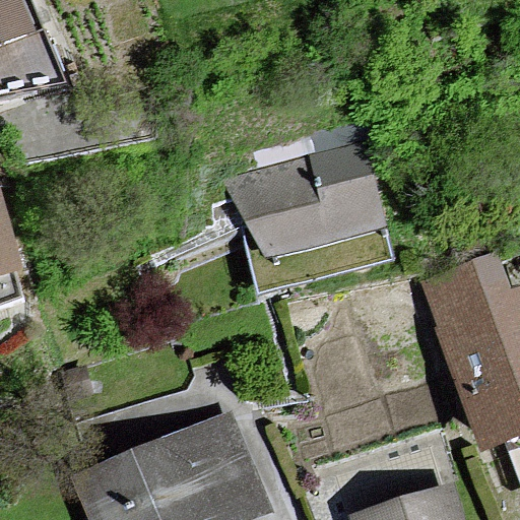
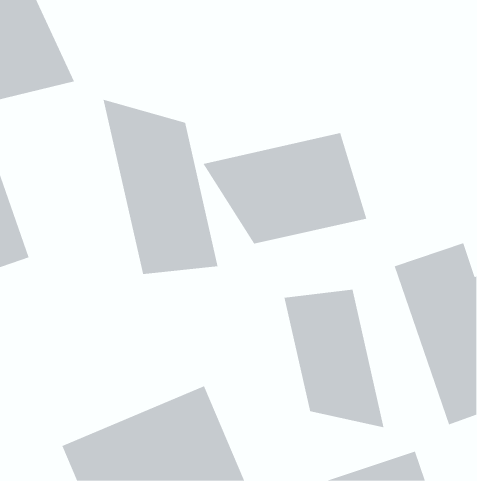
building: none -> [103,99,218,275]
building: none -> [284,289,384,428]

